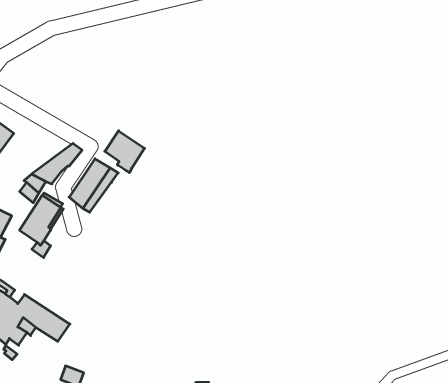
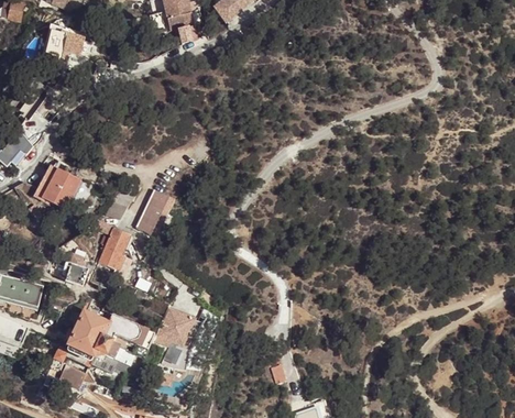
building: [105,131,145,173] -> none
building: none -> [155,305,200,368]

